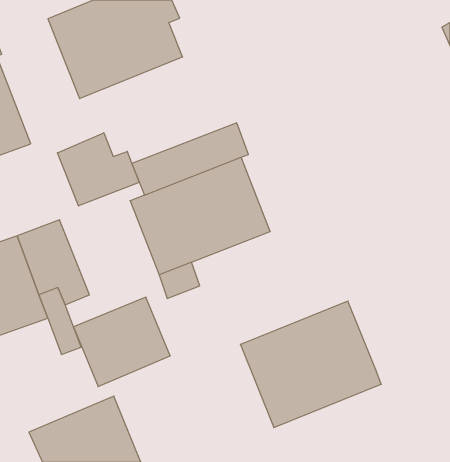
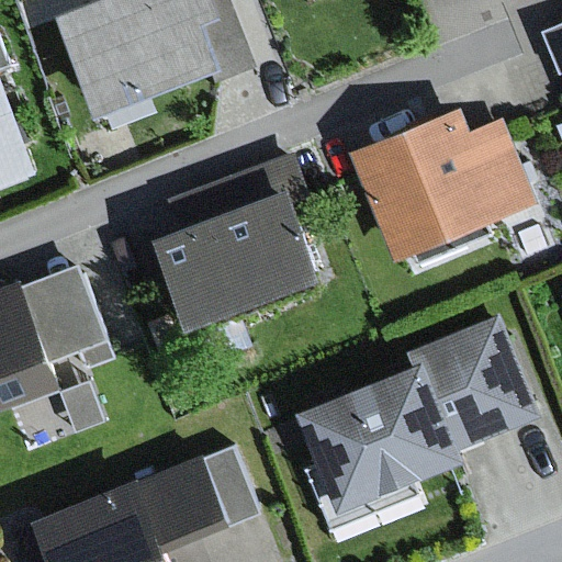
building: none -> [352,112,537,262]
building: [57,133,139,206] -> none
building: none -> [415,316,533,449]
building: [74,297,170,387] -> [138,445,256,553]

